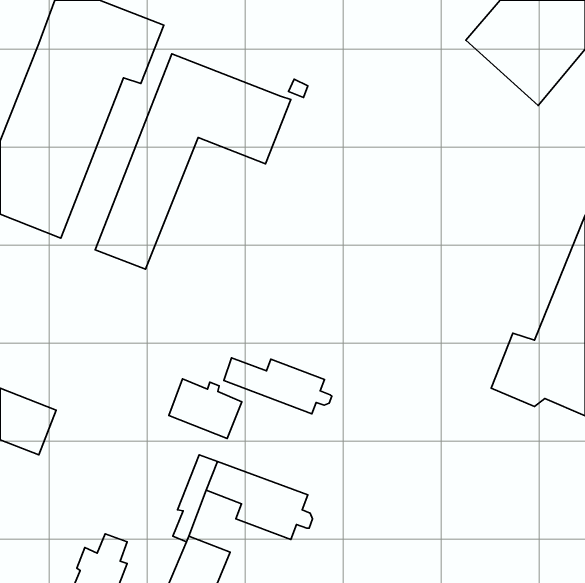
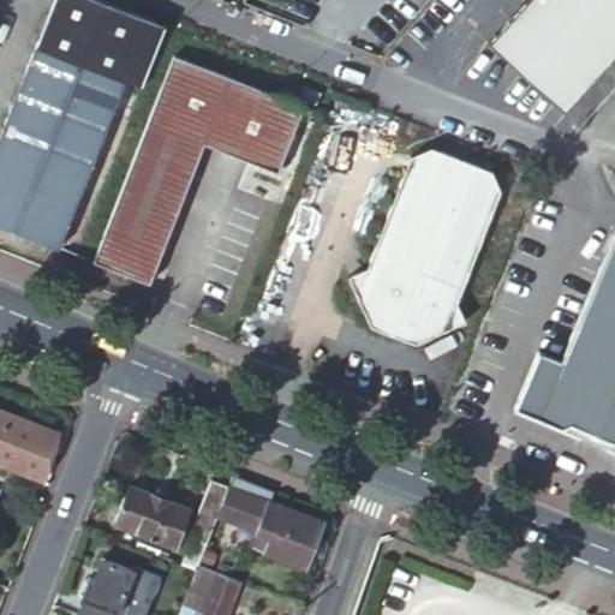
building: none -> [351,150,502,347]
building: [224,358,332,414] -> none
building: [169,379,242,438] -> [112,485,189,548]

